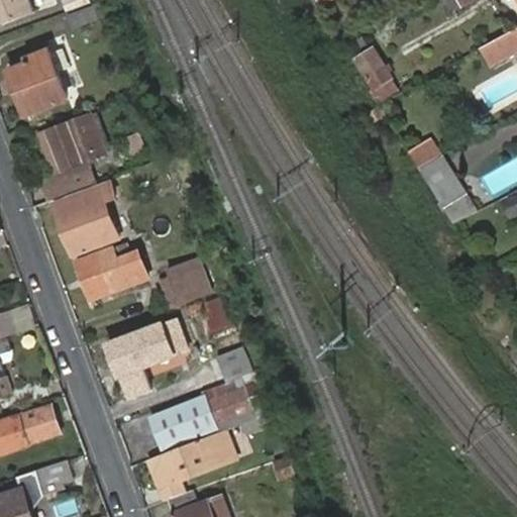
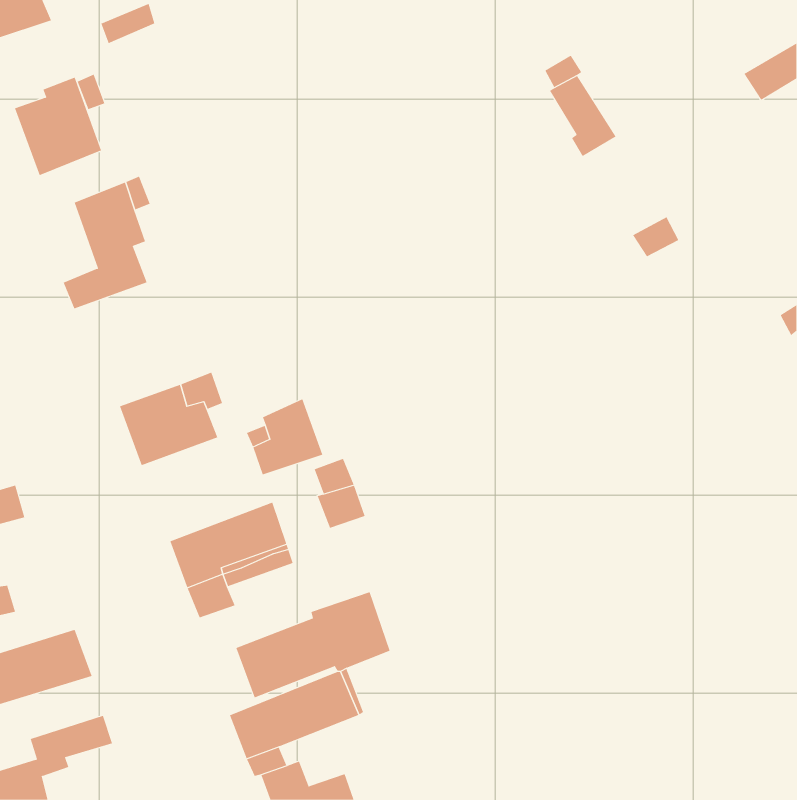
building: [417,154,476,221] -> none
building: [55,183,118,252] -> none
building: [215,344,251,383] -> none

